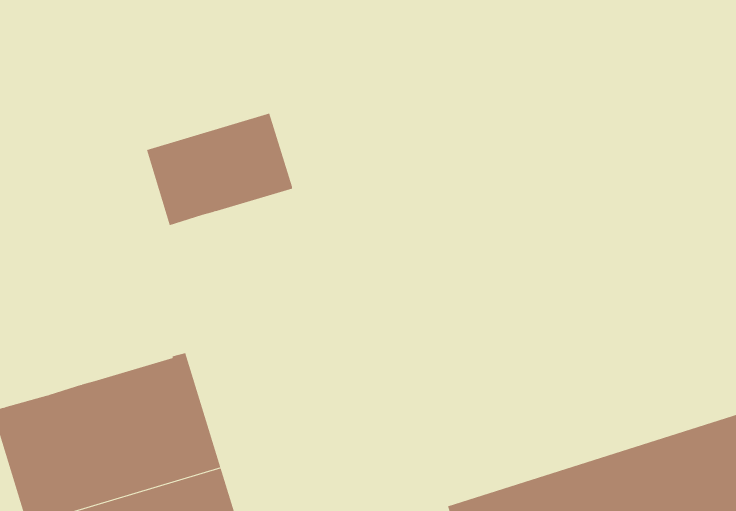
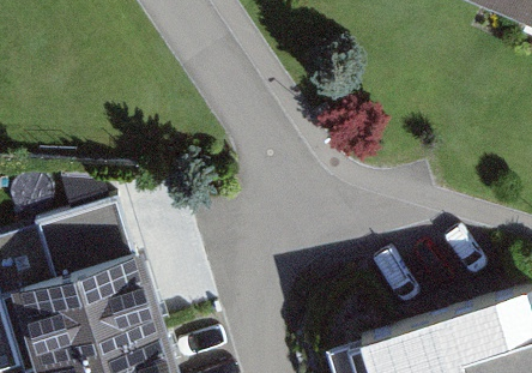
building: [146,113,293,226] -> [34,205,133,282]

